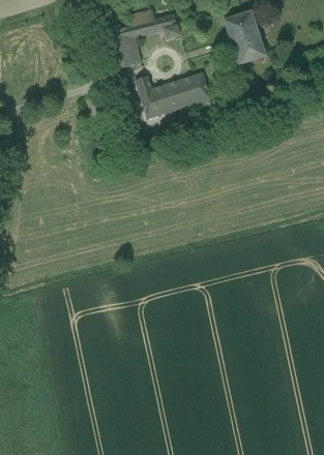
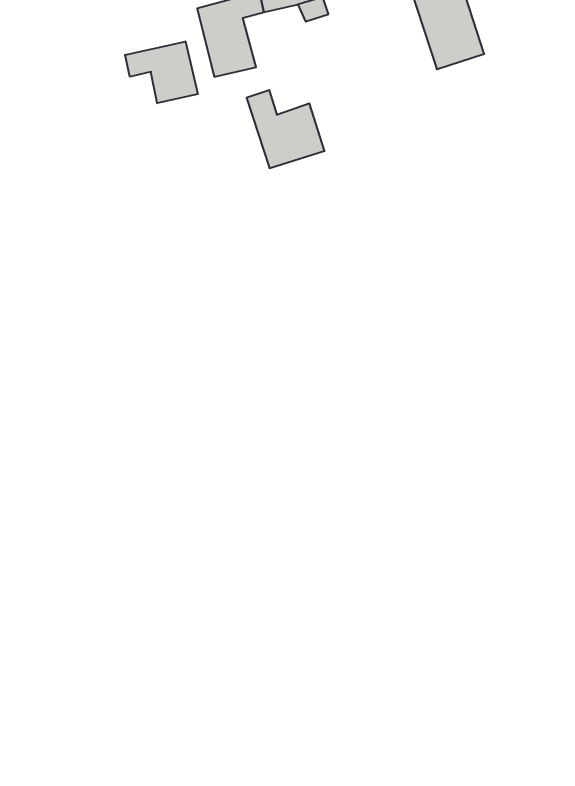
building: none -> [125,41,198,103]
building: [170,72,211,109] -> none

